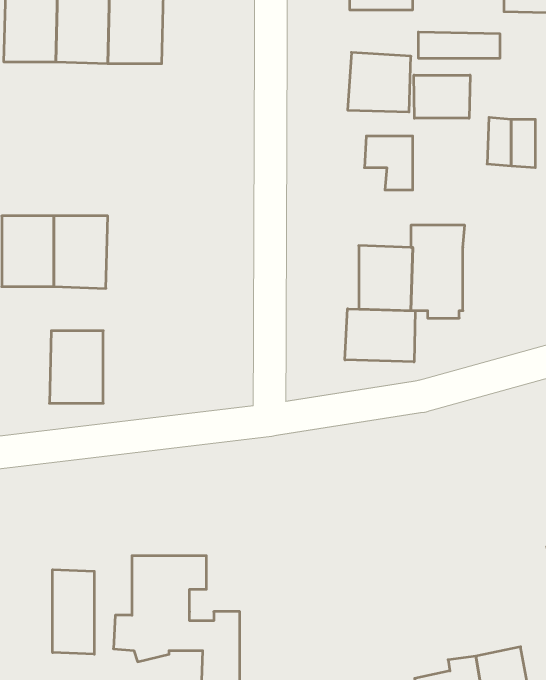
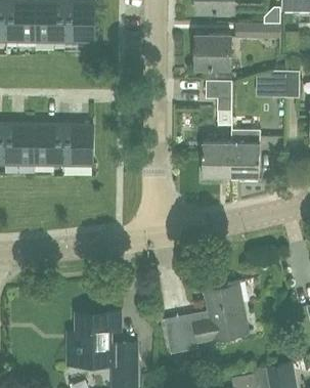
building: [414,75,470,118] -> none
building: [345,309,415,362] -> none
building: [49,331,103,403] -> [62,125,92,165]
building: none -> [164,283,246,353]
building: [53,570,94,654] -> none

